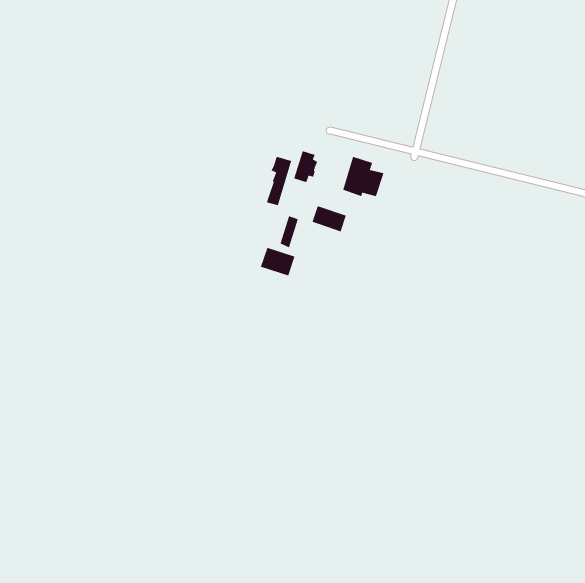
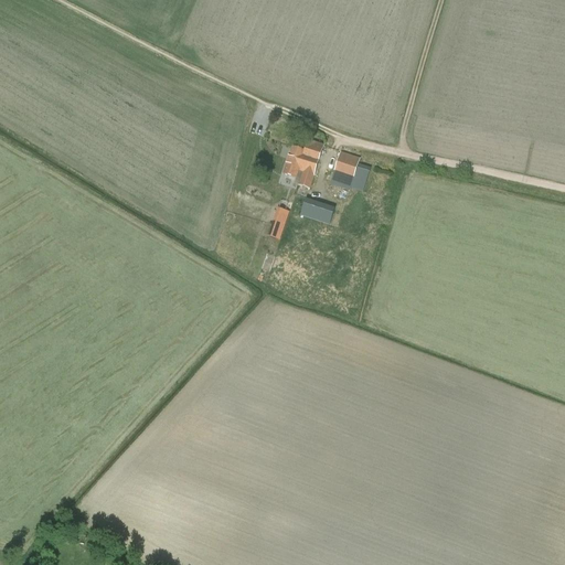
building: [266,156,292,206] -> [298,139,323,188]
building: [260,247,295,277] -> none

